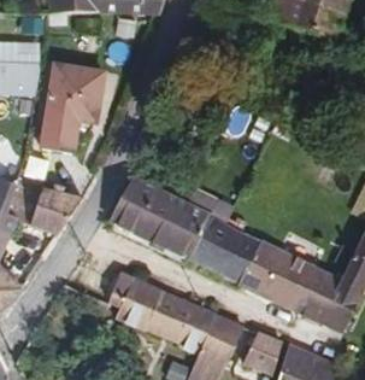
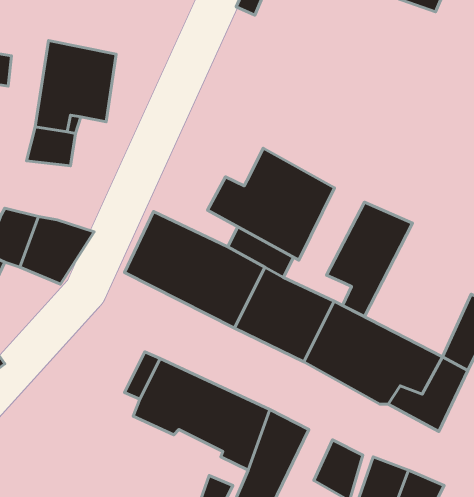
building: none -> [207,148,334,260]
building: none -> [326,202,413,317]

